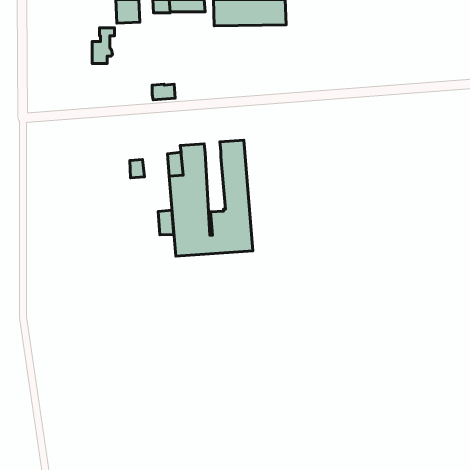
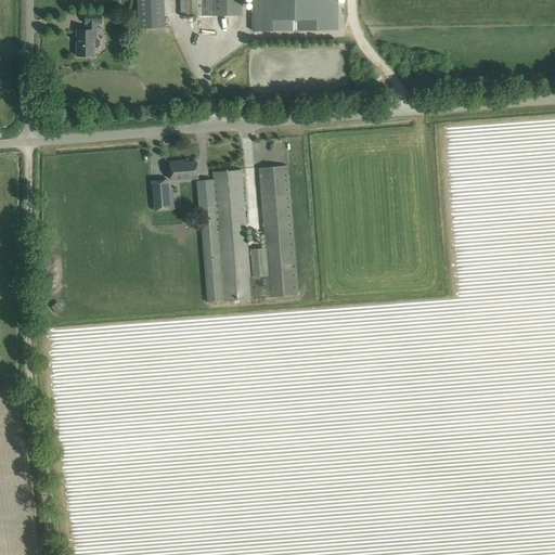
building: [92,28,114,64] -> [76,13,102,55]
building: [152,84,175,100] -> [170,160,197,179]
building: [158,210,174,235] -> none

